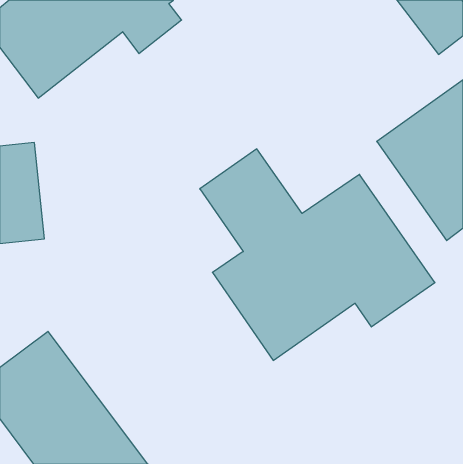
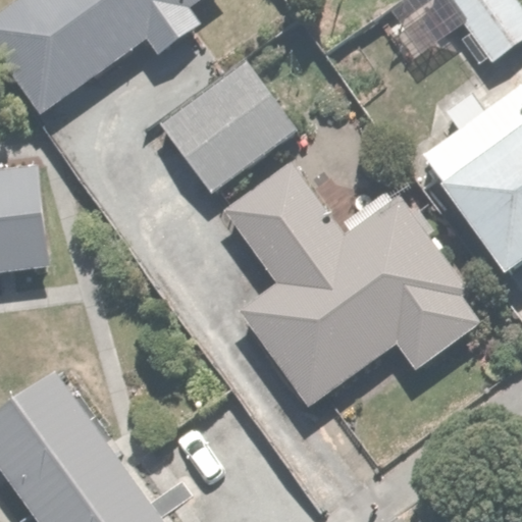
building: none -> [162,65,298,199]

